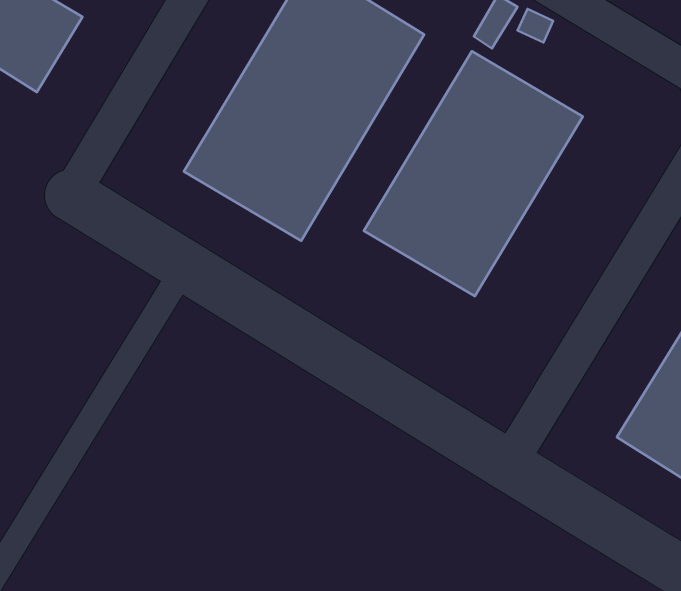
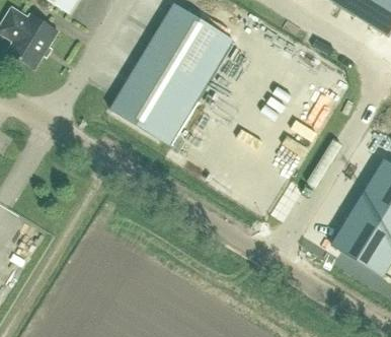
building: [364,51,583,296] -> none

